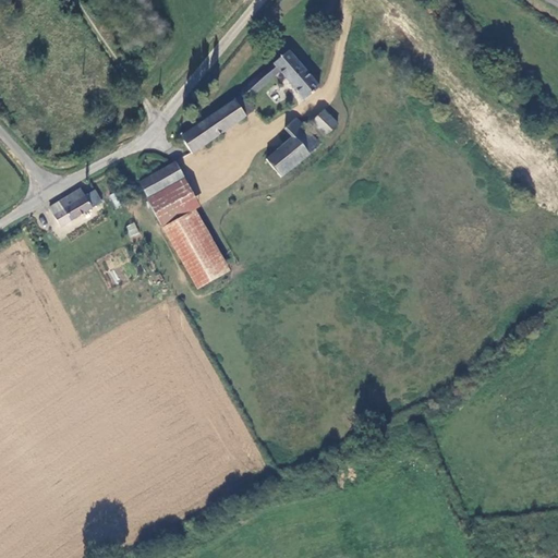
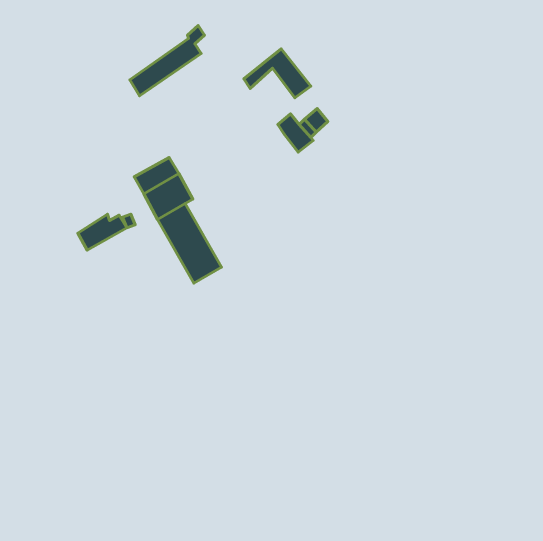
building: [181,81,257,153] -> [130,26,204,96]
building: [266,137,306,178] -> none
building: [50,187,100,225] -> [78,214,127,250]

